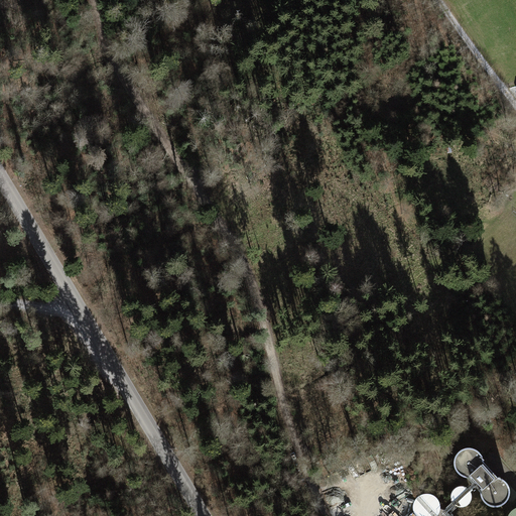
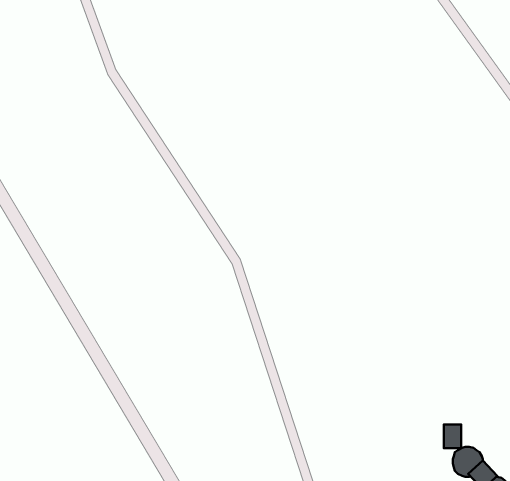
building: none -> [444,424,461,448]

